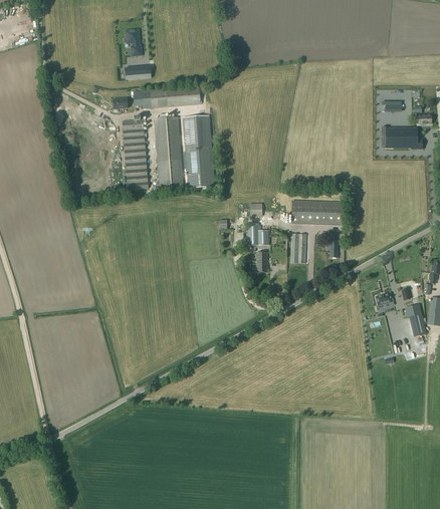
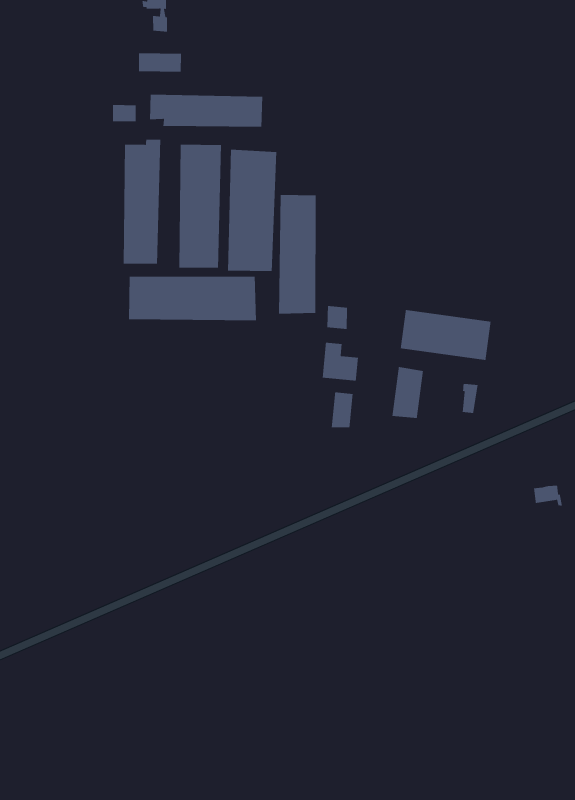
building: none -> [278,194,316,315]
building: none -> [128,276,257,321]

